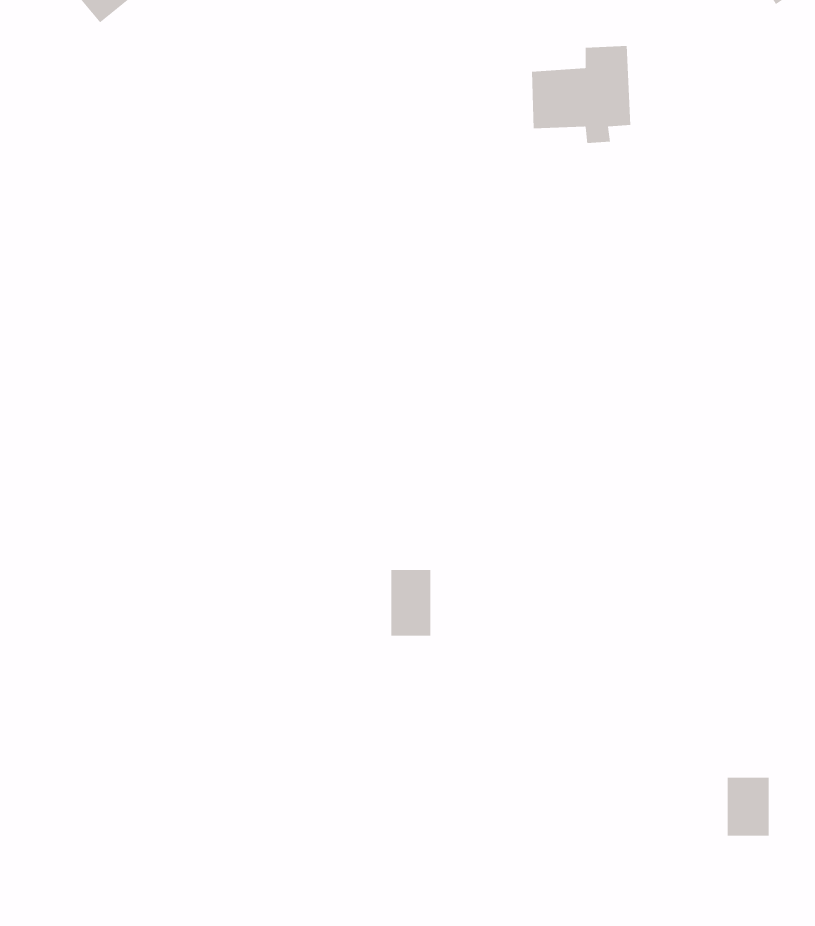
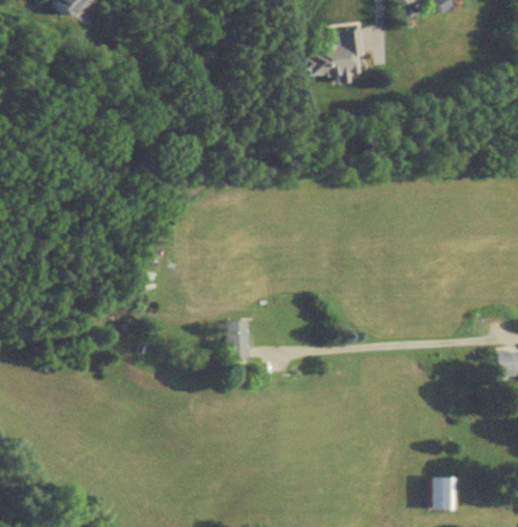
building: [727,777,769,836] -> [433,478,457,511]

